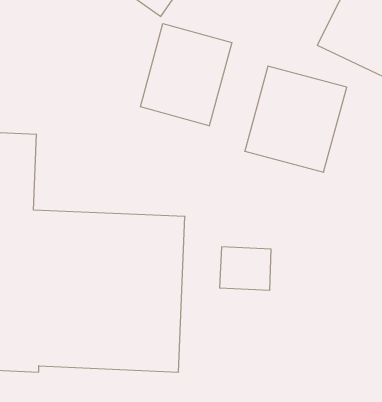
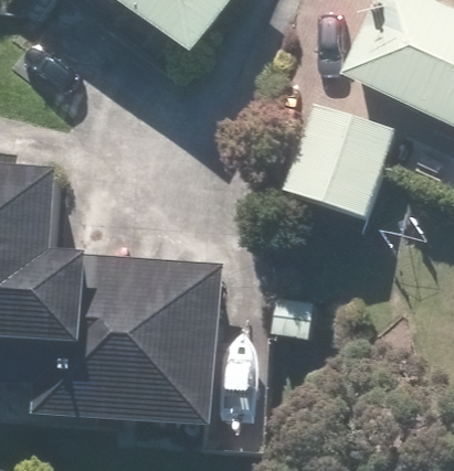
building: [140,24,232,126] -> none

